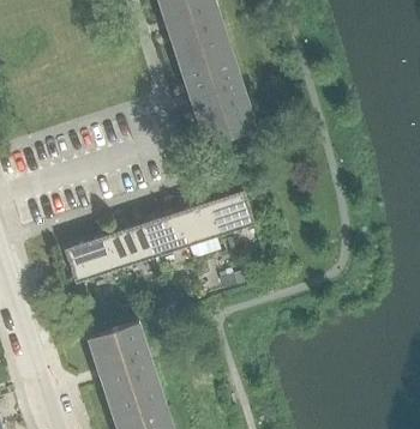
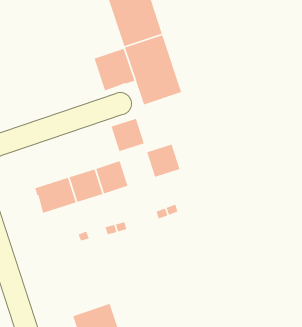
building: none -> [93,48,135,92]
building: [174,201,218,246] -> [110,118,145,152]
building: [86,321,161,413] -> none

